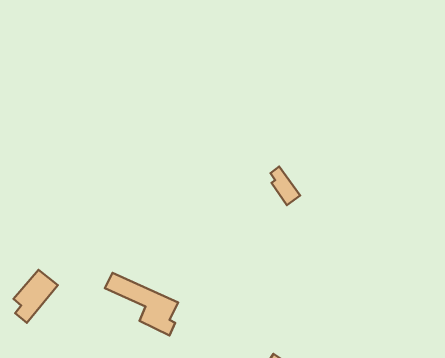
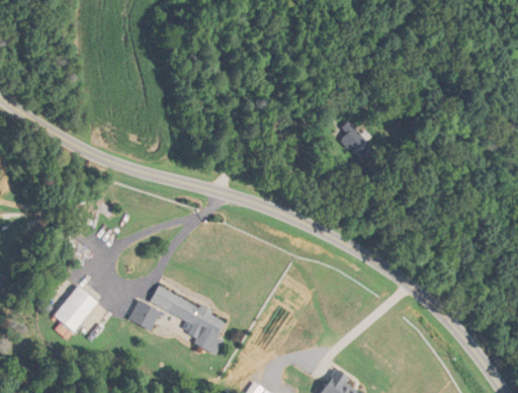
building: [270,167,300,205] -> [337,120,368,160]
building: none -> [130,300,160,329]

